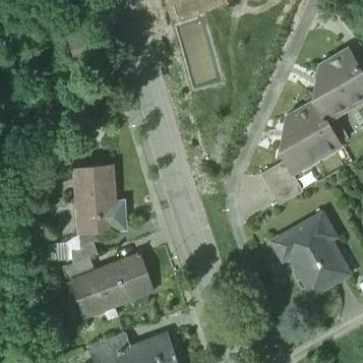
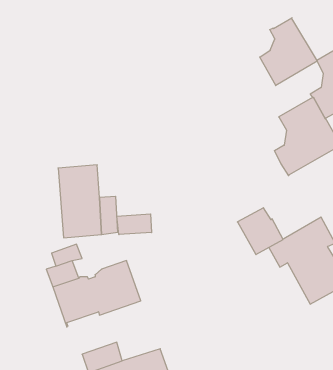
building: none -> [260,18,317,86]
building: [258,163,301,206] -> [237,208,283,255]
building: none -> [117,214,152,235]

